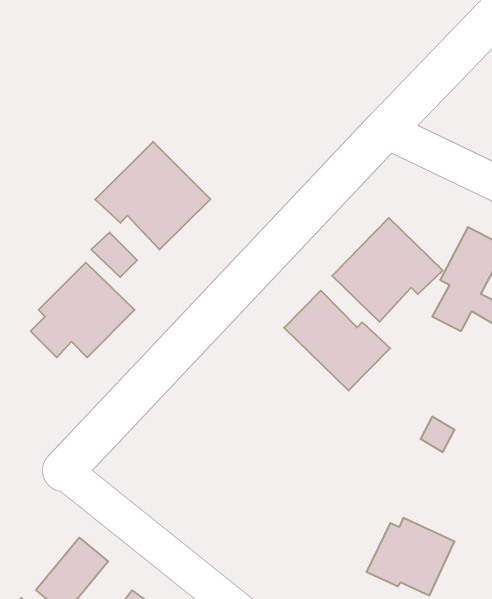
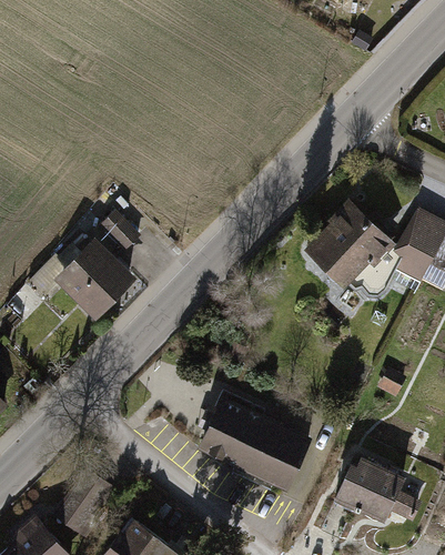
building: [95,142,210,250] -> none
building: [284,291,390,391] -> none
building: none -> [199,398,311,492]

